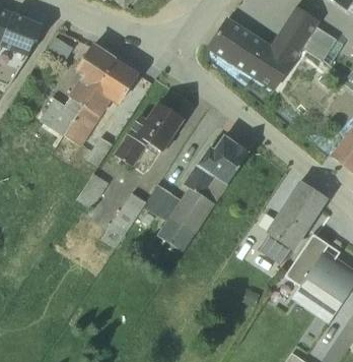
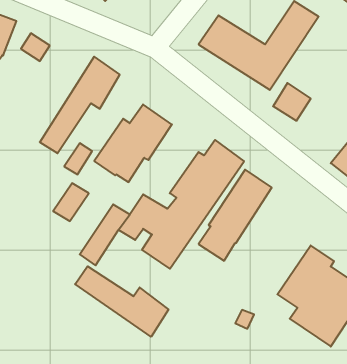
building: [301,25,336,60] -> [273,83,311,121]
building: [40,44,114,135] -> none
building: [258,181,325,264] -> [199,170,272,261]
building: none -> [75,266,168,337]

